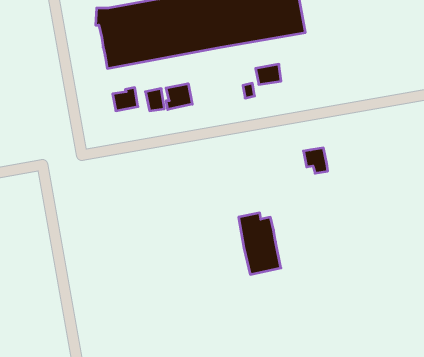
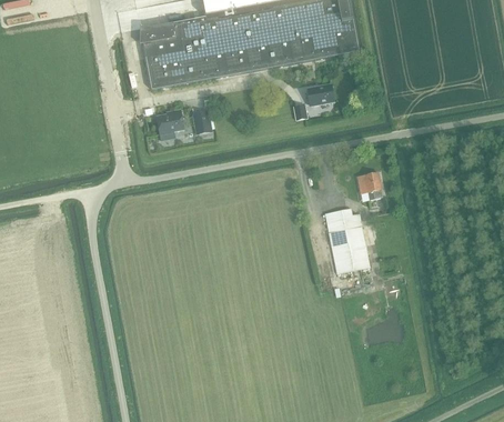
building: [166,84,192,110] -> none
building: [239,213,281,274] -> [324,209,369,273]

